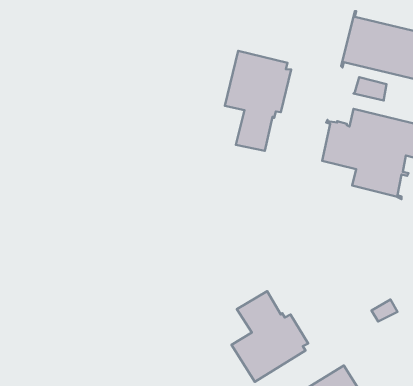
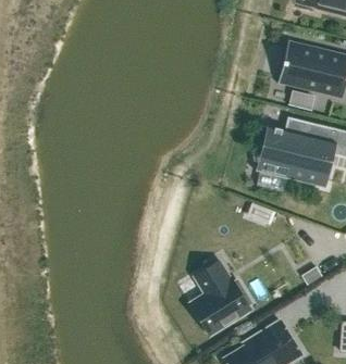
building: [225,51,291,151] -> none

